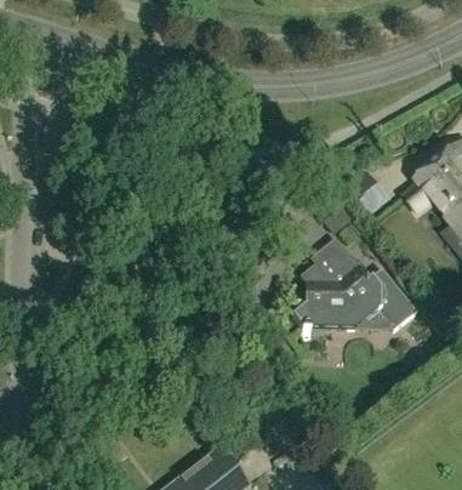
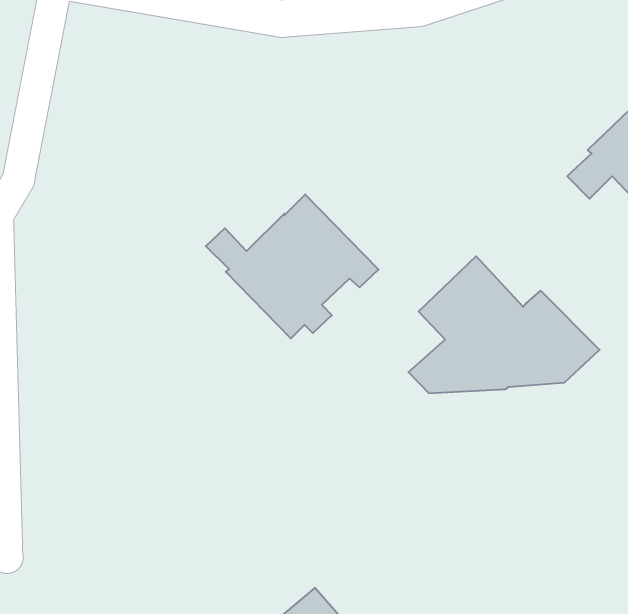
building: none -> [206,194,379,339]

